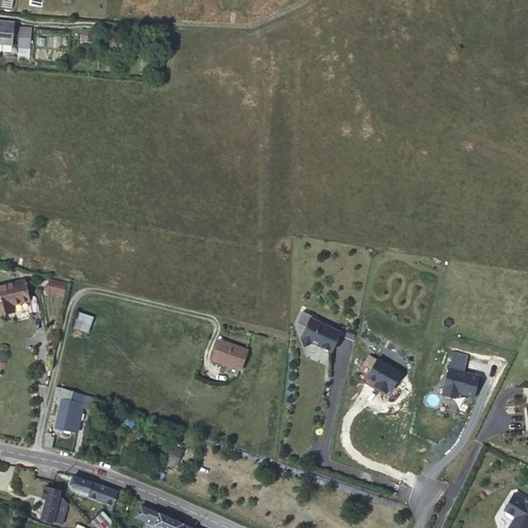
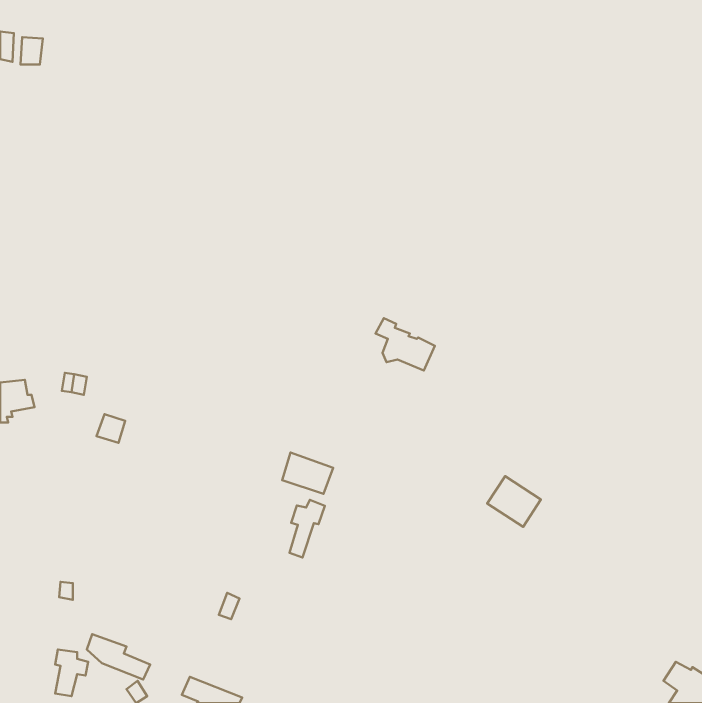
building: [295,310,339,350] -> [376,318,435,371]
building: [443,351,482,399] -> none
building: none -> [290,500,325,557]
building: [56,386,85,437] -> none

